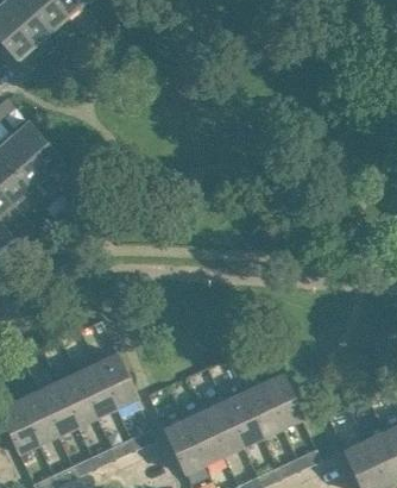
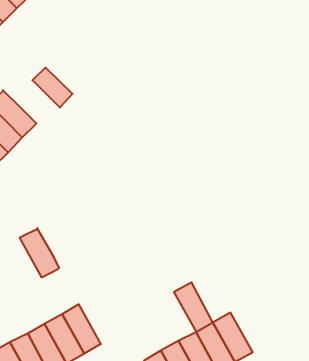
building: none -> [32,68,73,108]
building: [96,354,138,408] -> [20,228,59,277]
building: [263,374,303,428] -> [174,282,213,332]

